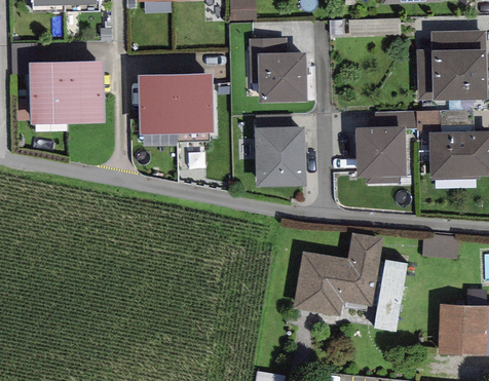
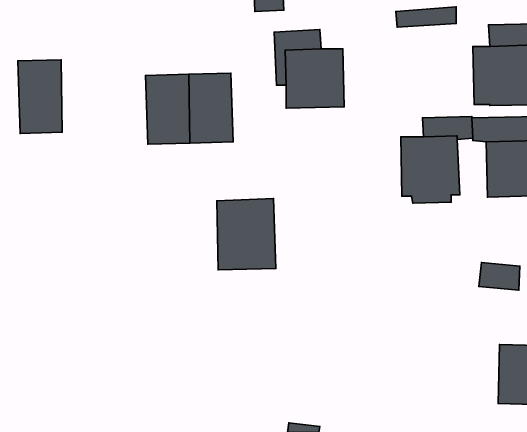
building: [66,61,104,123] -> none
building: [255,126,305,187] -> [217,199,276,270]
building: [293,232,382,315] -> none
building: [373,259,407,331] -> none

